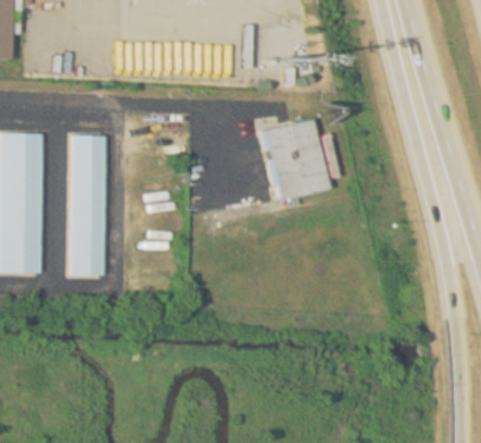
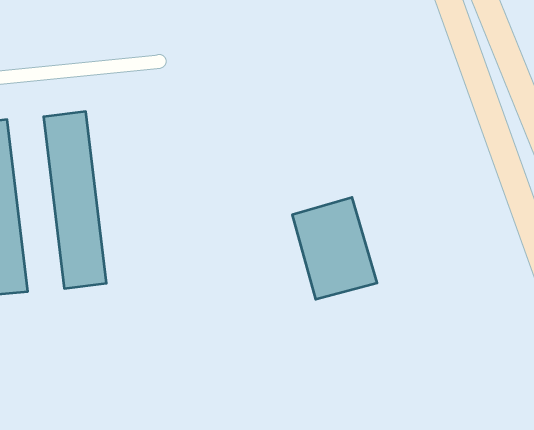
building: [265,120,327,198] -> [292,197,377,299]

